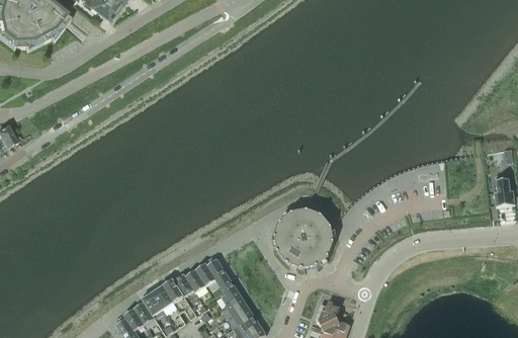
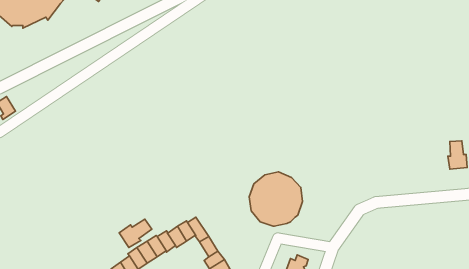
building: none -> [119,219,152,248]

